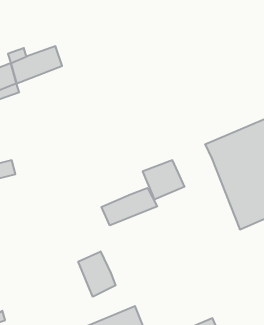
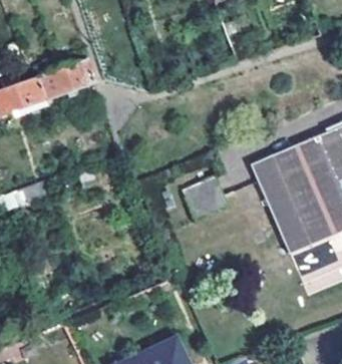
building: [101,188,157,225] -> none
building: [78,251,115,297] -> none

